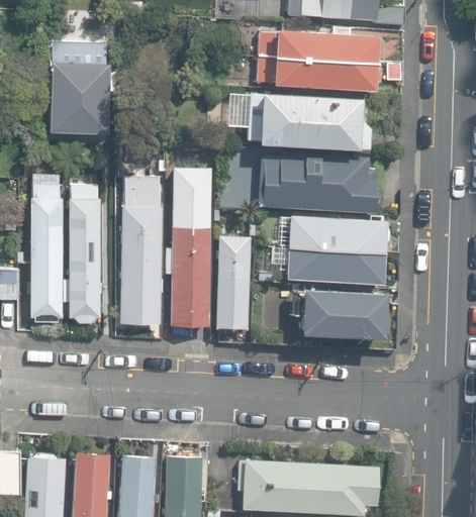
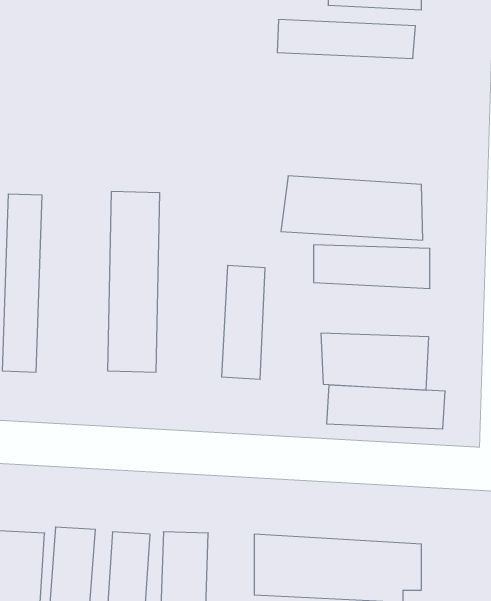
building: [47,40,106,134] -> none
building: [260,57,374,91] -> none
building: [255,91,378,151] -> none
building: [171,172,210,327] -> none
building: [65,174,100,322] -> none
building: [289,248,388,285] -> [327,385,445,429]

